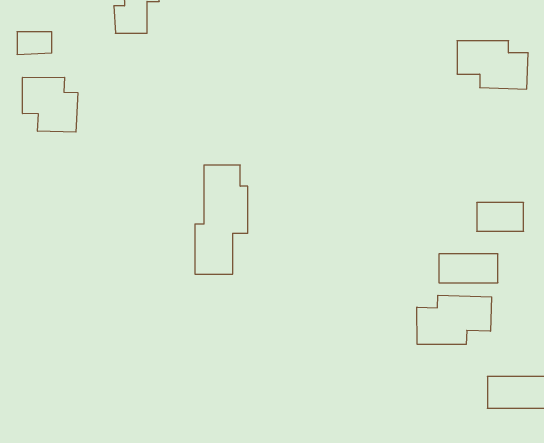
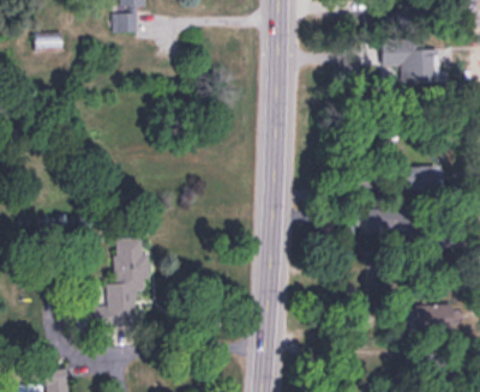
building: [23,77,78,132] -> none
building: [195,165,248,274] -> [106,237,148,324]
building: [417,295,492,344] -> none

